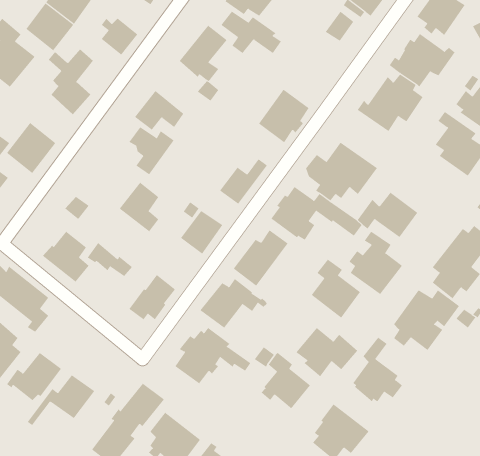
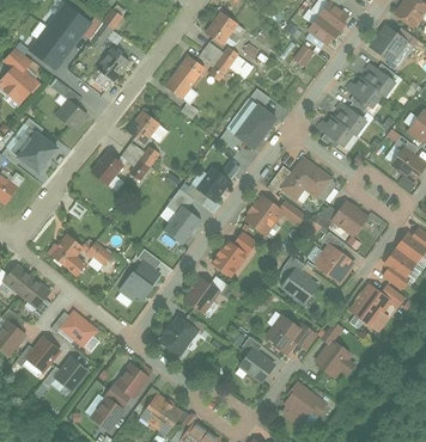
building: [119,182,159,232] -> [90,148,124,191]
building: none -> [51,307,101,351]

